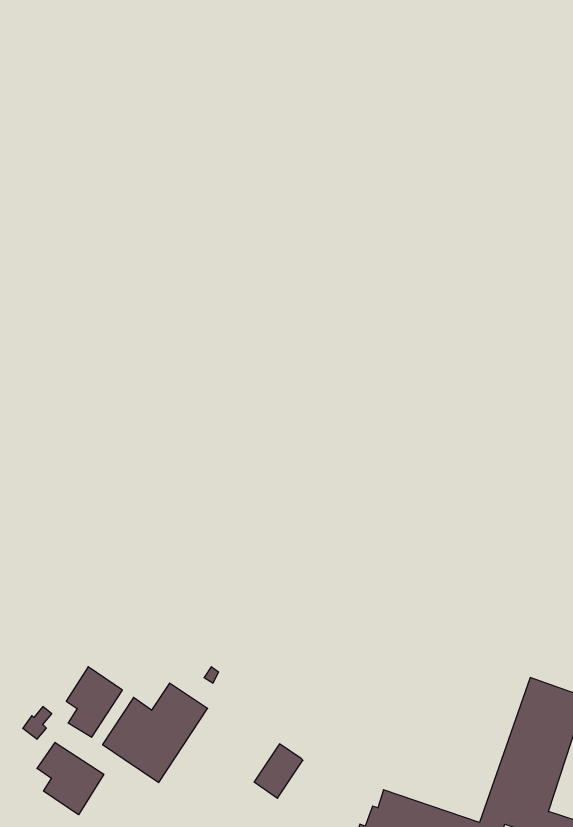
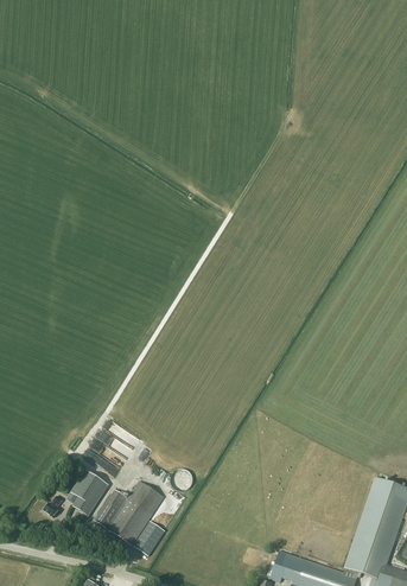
building: [37,742,104,815] -> none
building: [254,744,303,798] -> [133,521,165,556]

